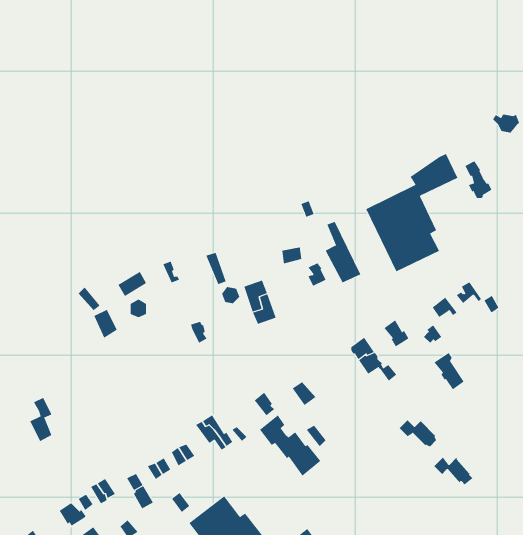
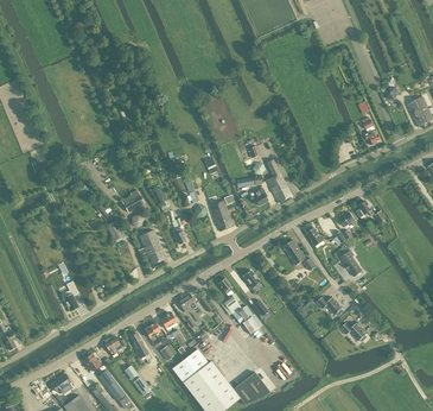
building: [366,153,458,272] -> none
building: none -> [135,229,165,264]

